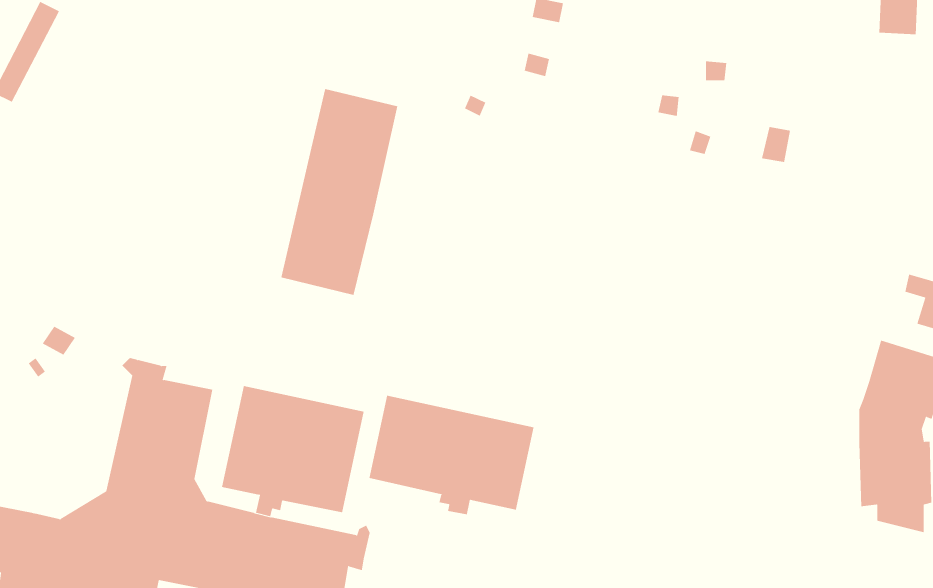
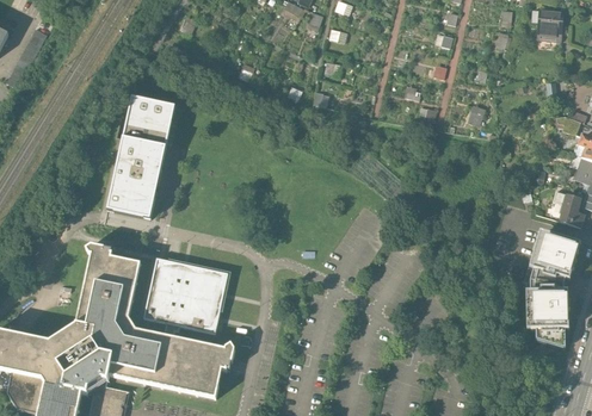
building: [281,88,398,296] -> [101,97,172,221]
building: [369,395,534,515] -> none

